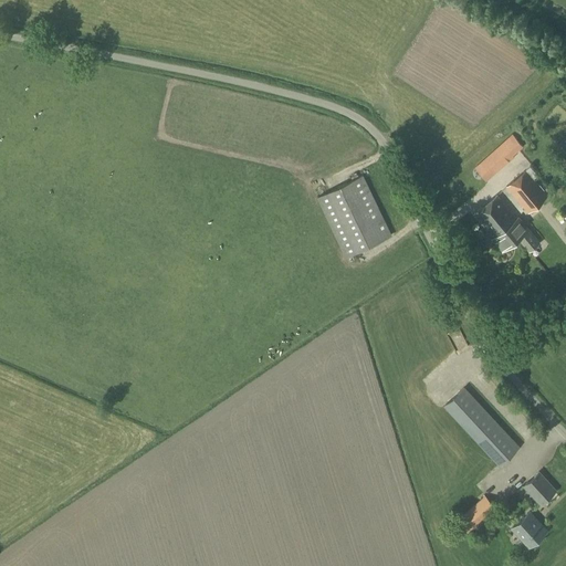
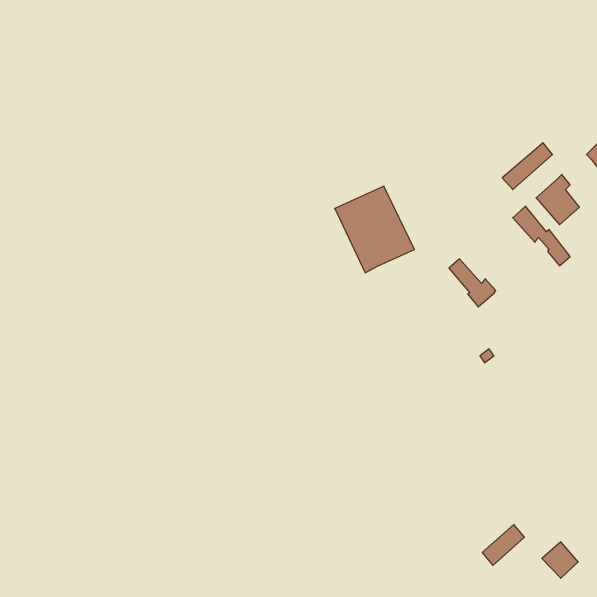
building: [475,207,520,252] -> [449,259,496,307]
building: [446,389,520,467] -> none
building: [524,473,556,505] -> none

